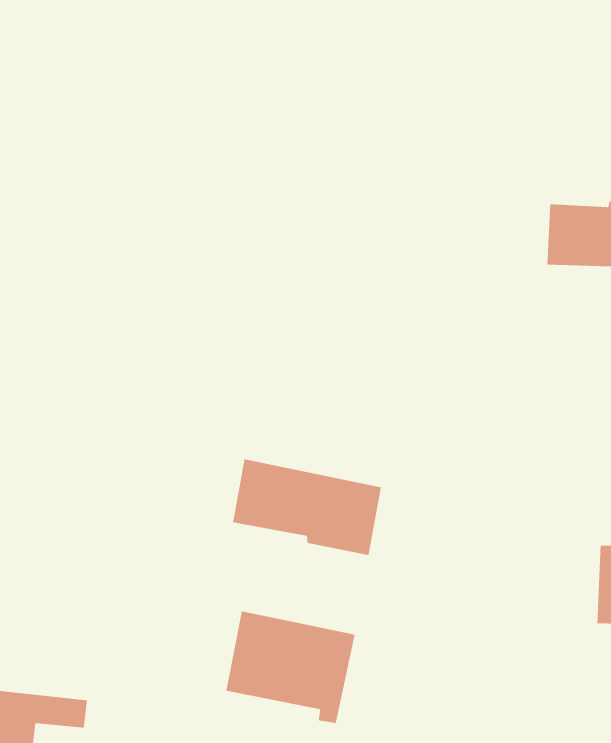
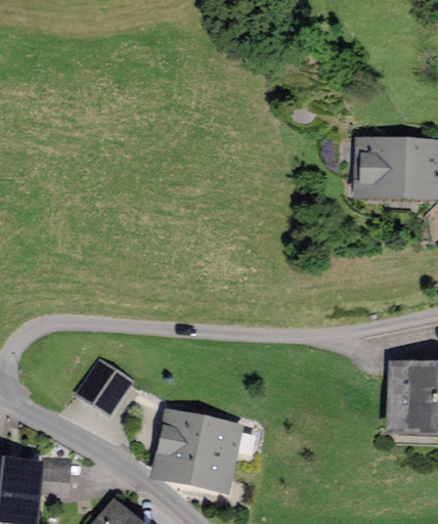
building: [233,459,381,556] -> none
building: none -> [82,364,126,409]

